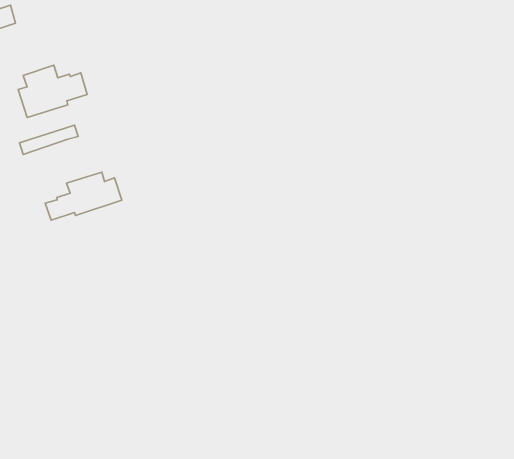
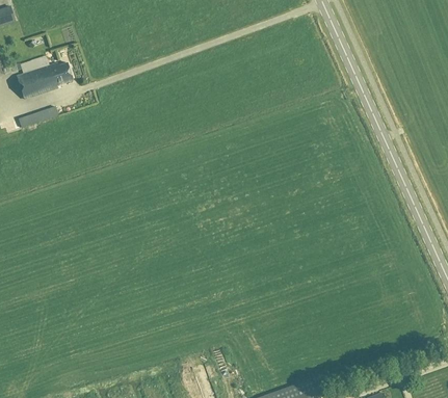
building: [45,172,122,220] -> none

